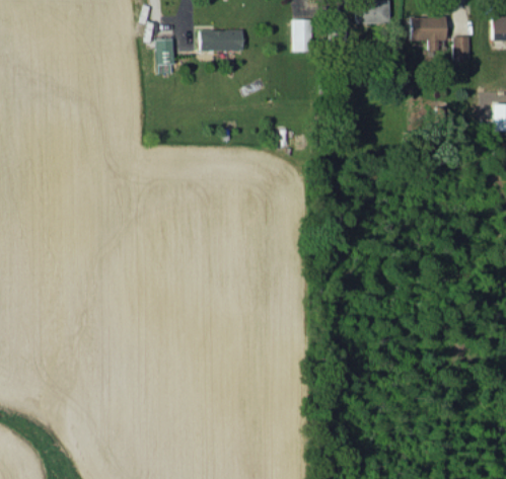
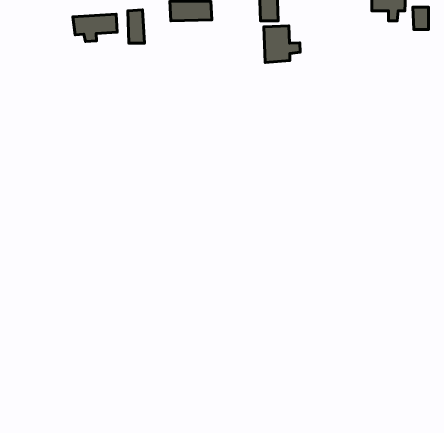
building: none -> [73,14,117,42]
building: none -> [264,26,300,62]

